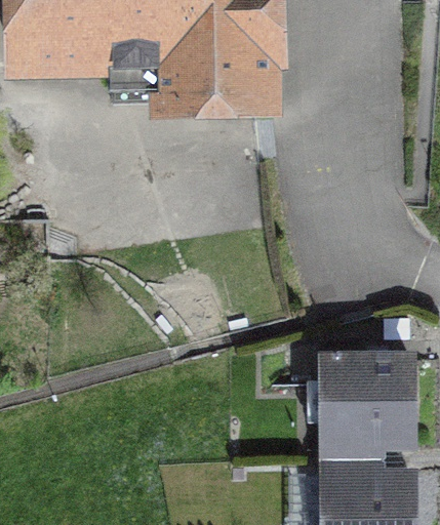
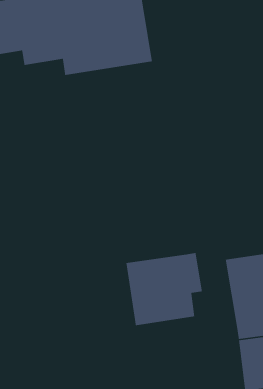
building: none -> [125,252,203,326]

